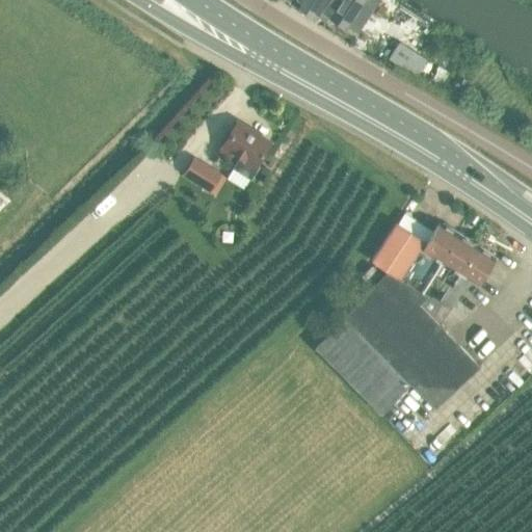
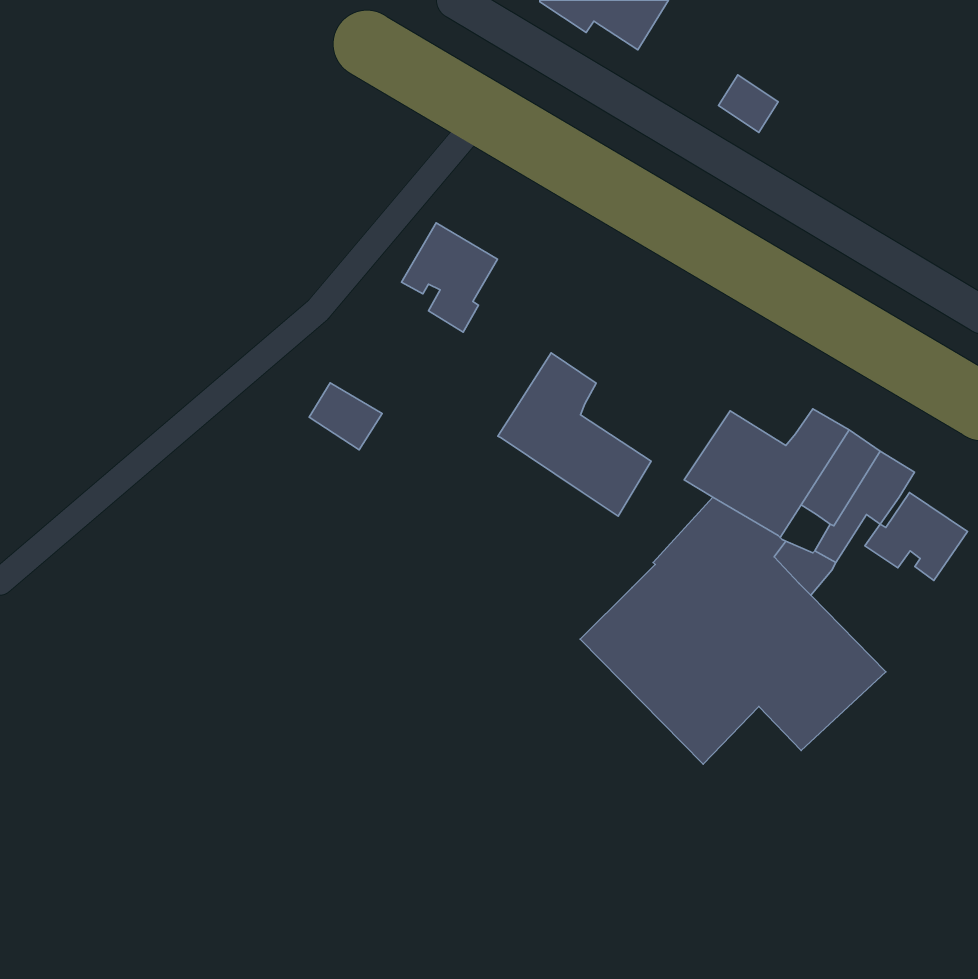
building: [184,157,223,193] -> [309,383,382,450]
building: none -> [498,353,651,516]
building: none -> [865,492,967,580]

